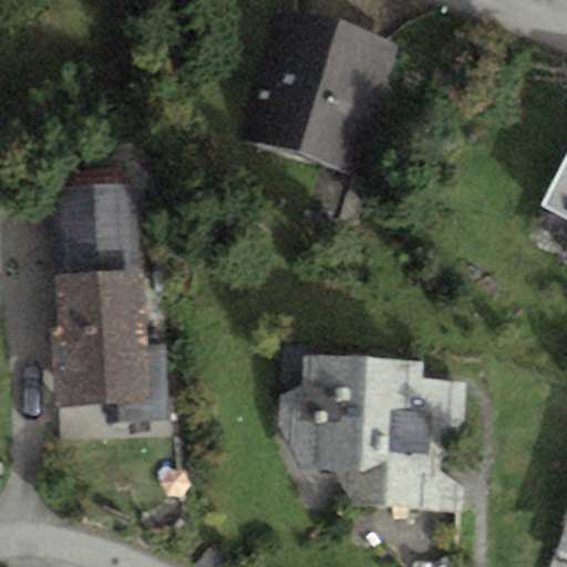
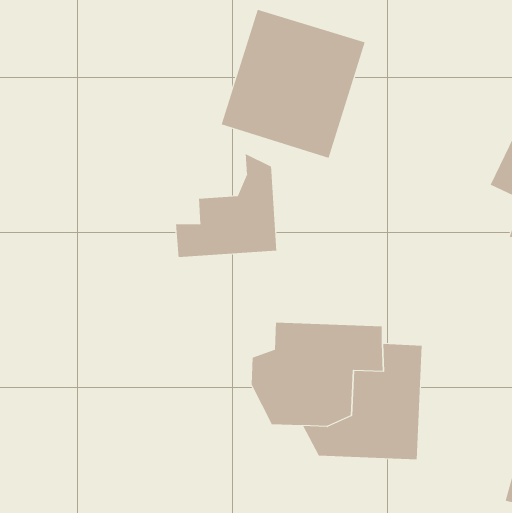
building: none -> [176,153,277,258]
building: [52,184,169,423] -> none

